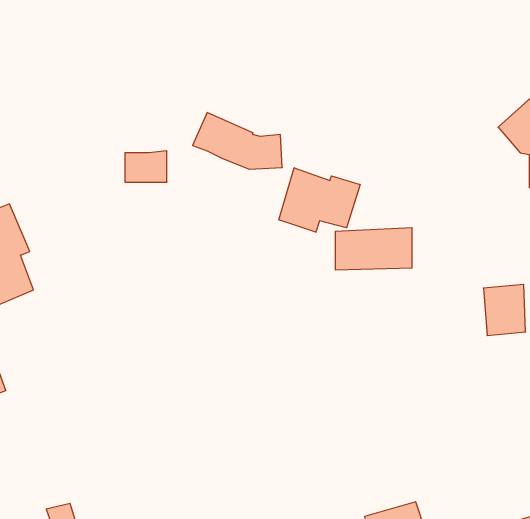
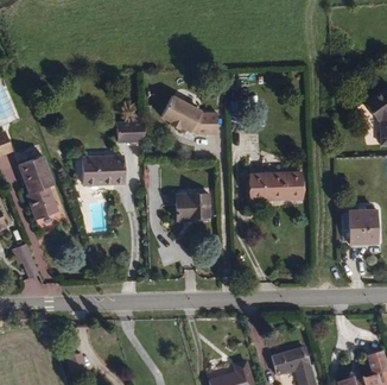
building: [279,168,360,232] -> none
building: none -> [83,156,126,183]
building: none -> [177,192,209,219]

